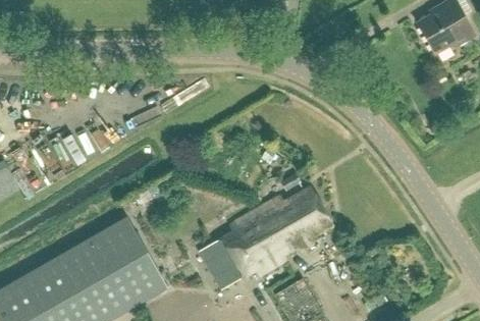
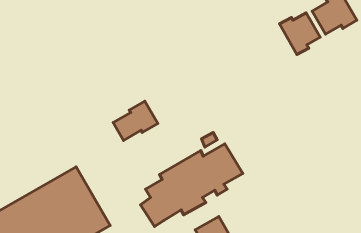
building: none -> [279,13,320,55]
building: none -> [113,101,158,140]

